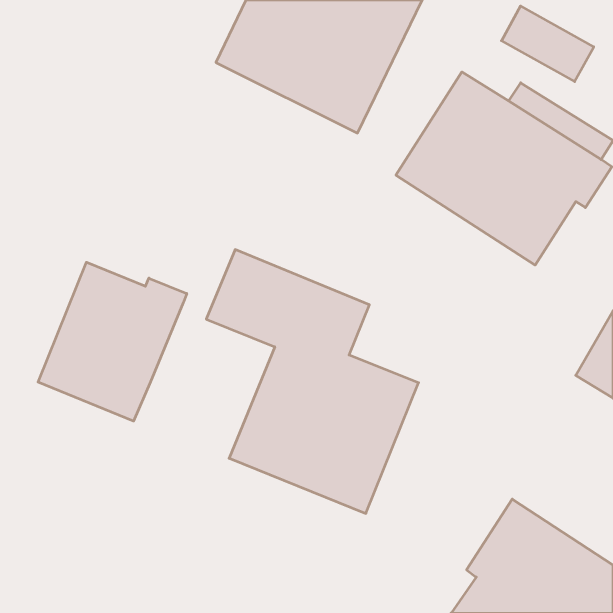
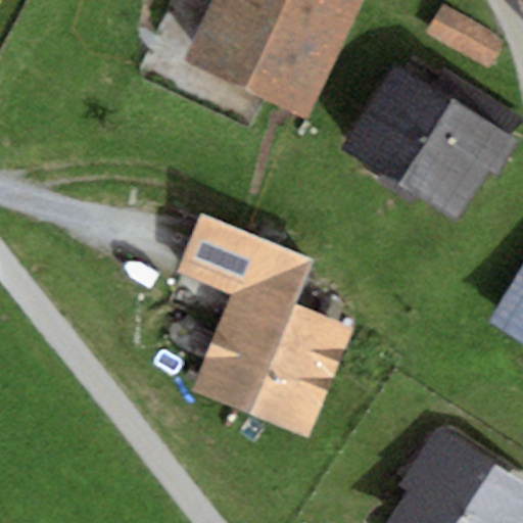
building: [38,262,187,421] -> none

